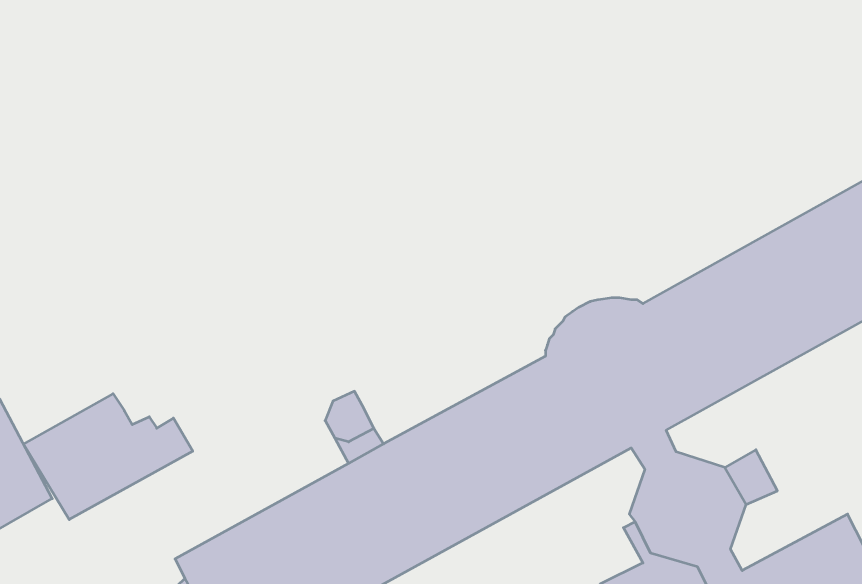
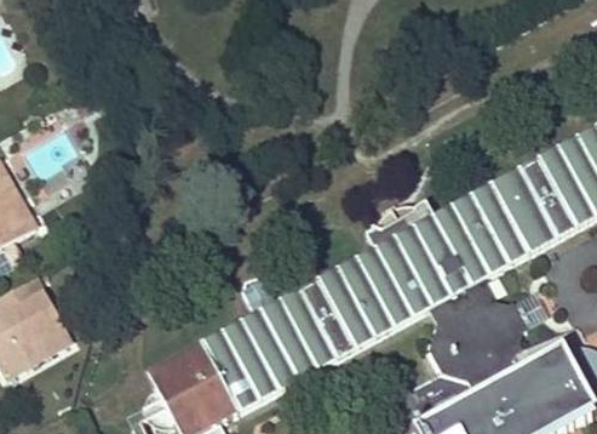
building: [23,394,193,520] -> none

